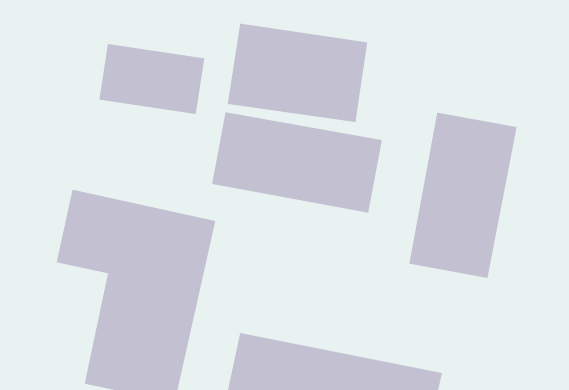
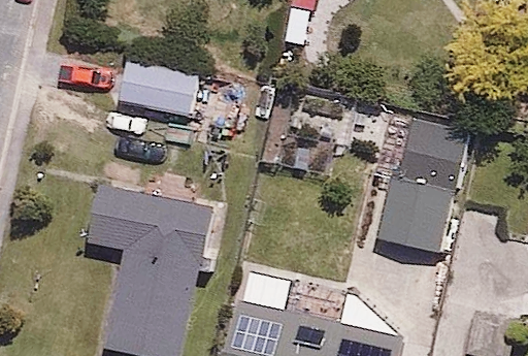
building: [227,23,368,123] -> none
building: [211,112,382,213] -> none

